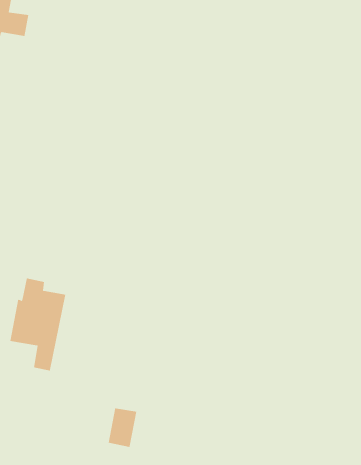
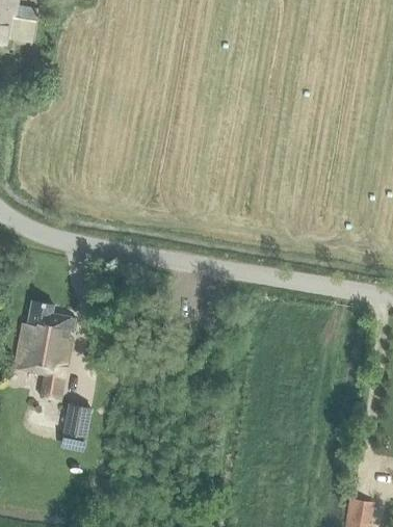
building: [108,408,137,448] -> [59,403,90,446]

